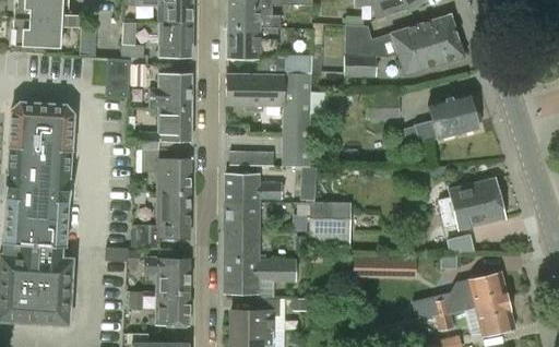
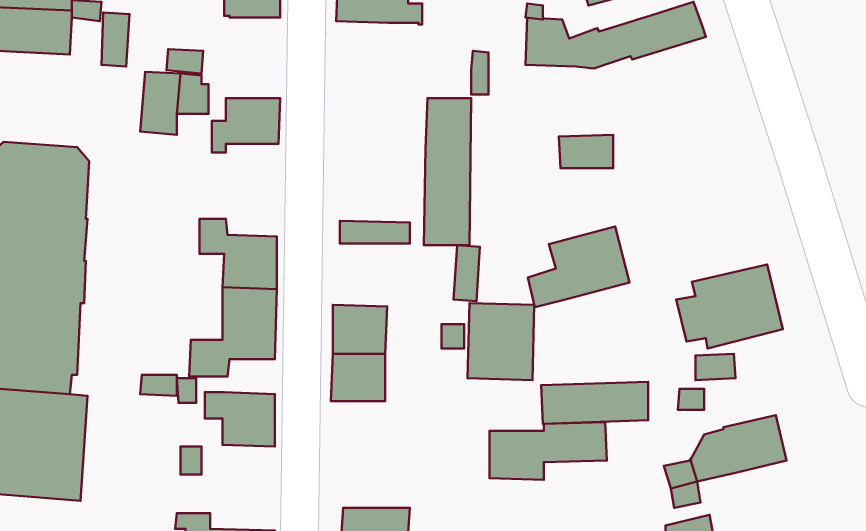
building: [159,24,192,56] -> none
building: [227,26,278,59] -> none
building: [397,36,464,74] -> none
building: [344,53,377,76] -> none
building: [226,73,284,110] -> none
building: [415,93,478,143] -> [528,227,629,307]
building: [124,103,191,149] -> none
building: [225,174,282,204] -> none
building: [224,258,297,294] -> [490,422,607,480]
building: [156,290,189,324] -> none
building: [231,299,281,330] -> none
building: [476,300,514,335] -> none

